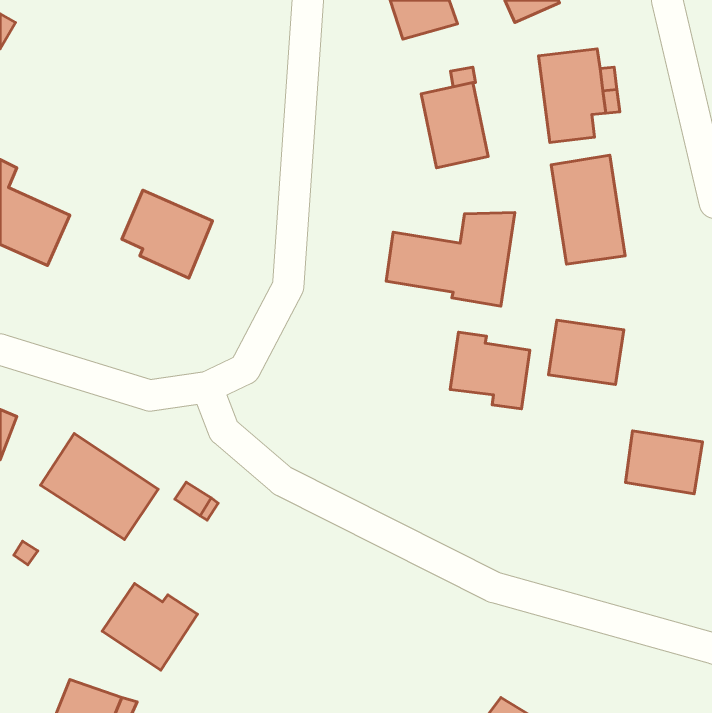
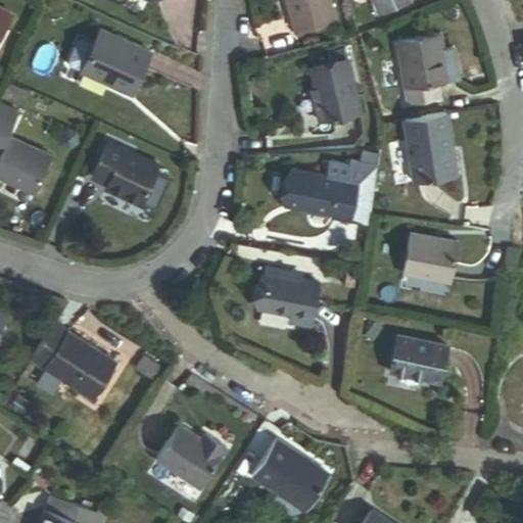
building: none -> [67,29,149,89]
building: [450,332,530,409] -> [258,269,317,325]
building: [626,431,703,494] -> [389,336,445,382]
building: [102,584,197,670] -> [153,422,223,485]
building: none -> [251,436,328,506]

